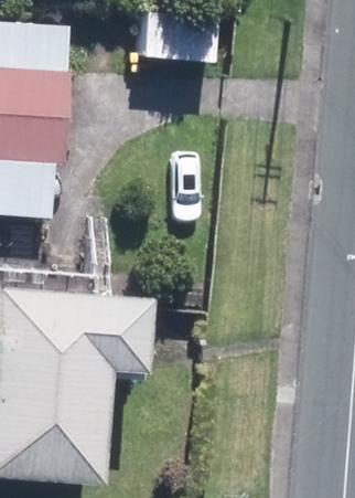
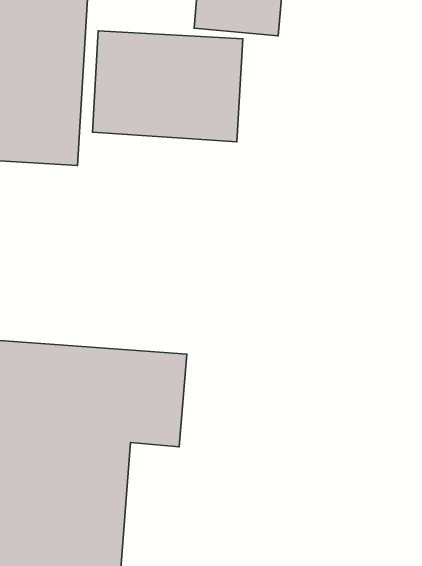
building: none -> [92,31,243,142]

